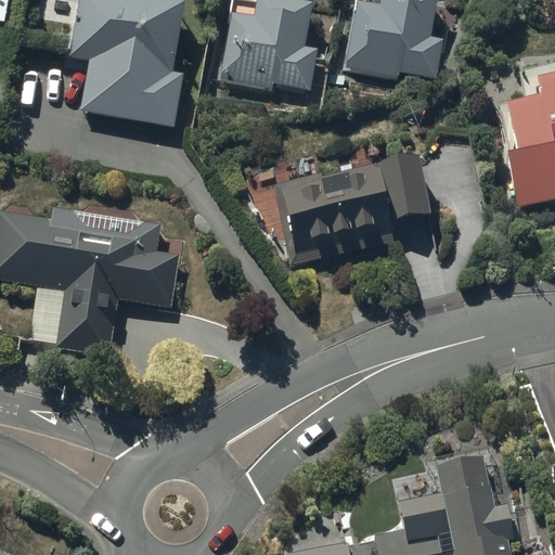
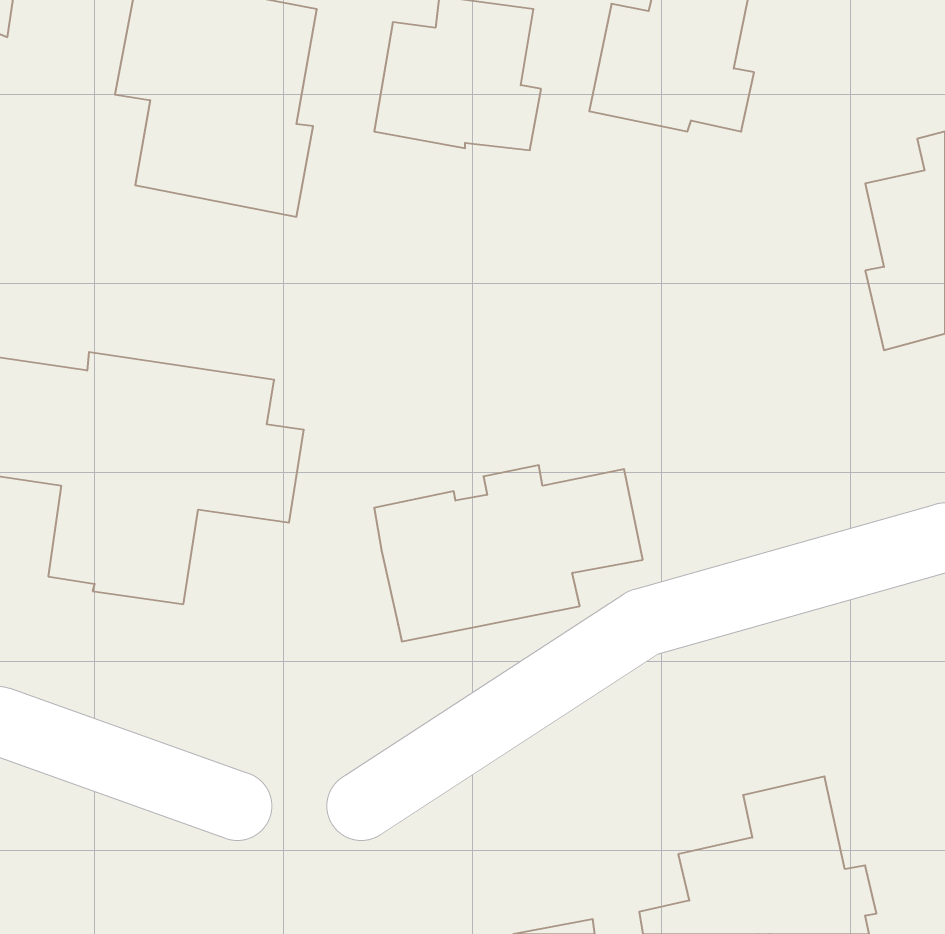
building: [273,159,430,262] -> [374,465,643,641]

